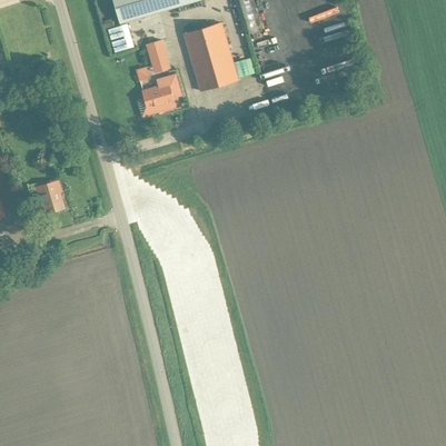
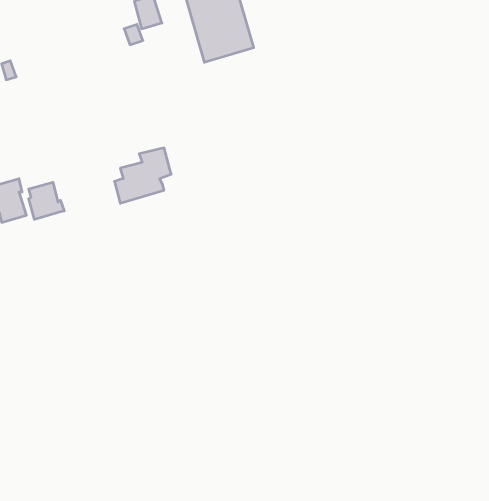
building: [138,75,181,117] -> [114,148,171,203]
building: none -> [29,182,64,219]

